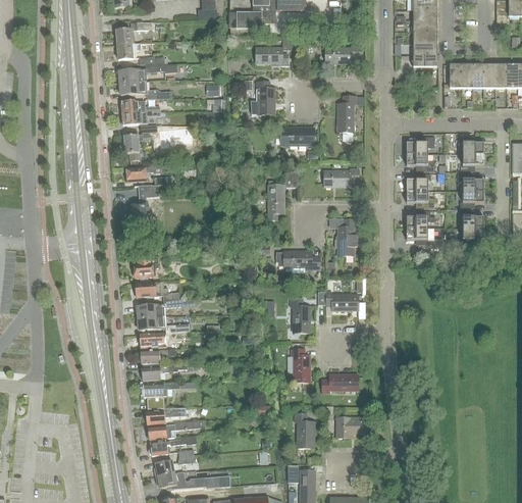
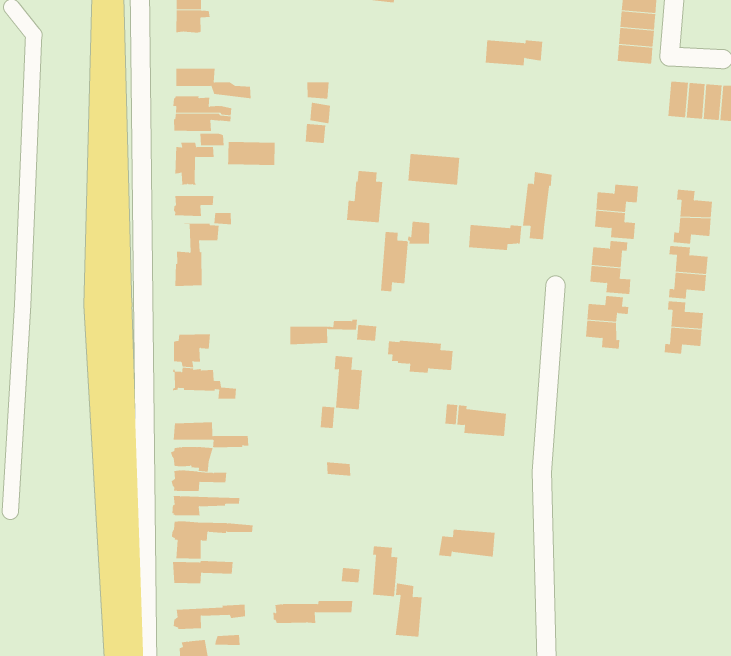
building: [256,36,296,64] -> none
building: [413,54,436,74] -> none
building: [119,63,165,83] -> none
building: [252,81,274,114] -> [346,170,383,223]
building: [337,95,355,140] -> [522,171,552,240]
building: [335,219,359,255] -> none
building: [291,297,310,332] -> [334,356,363,410]
building: [138,298,182,318] -> [290,319,358,345]
building: [292,349,309,382] -> [372,546,398,597]
building: [336,416,367,437] -> none
building: [147,419,200,439] -> [272,600,353,624]

